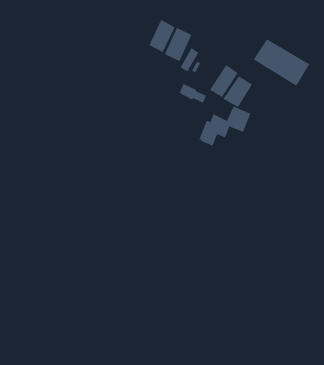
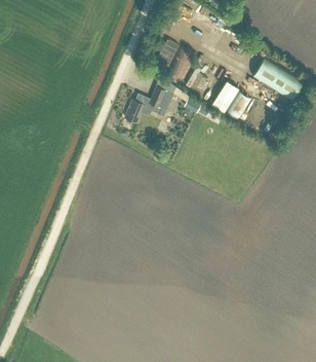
building: [198,106,251,146] -> [124,86,172,123]

